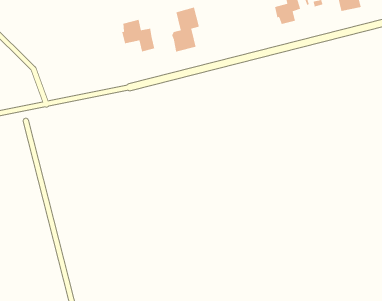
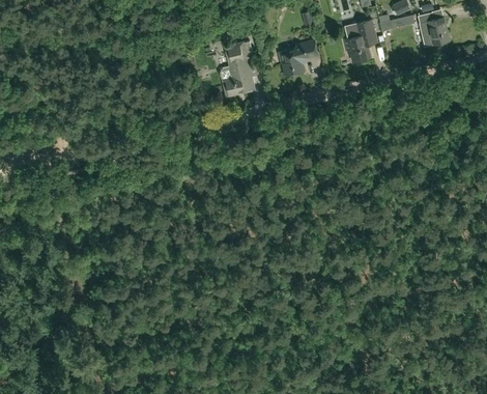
building: none -> [278,40,317,74]
building: [121,19,155,53] -> none

